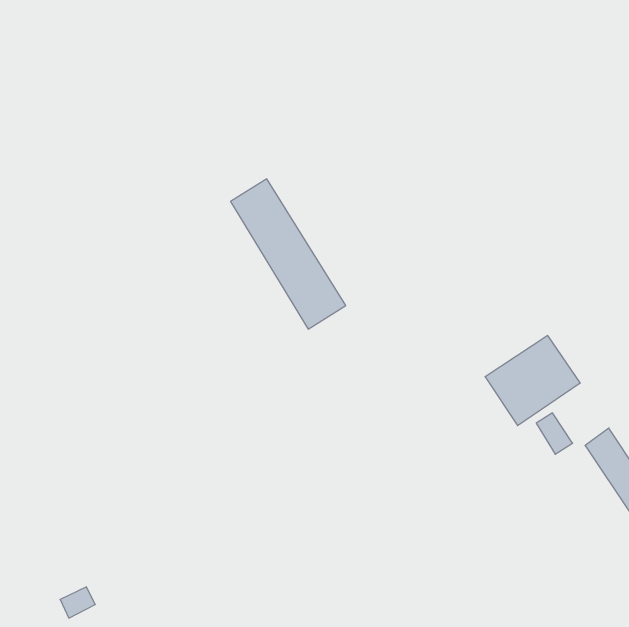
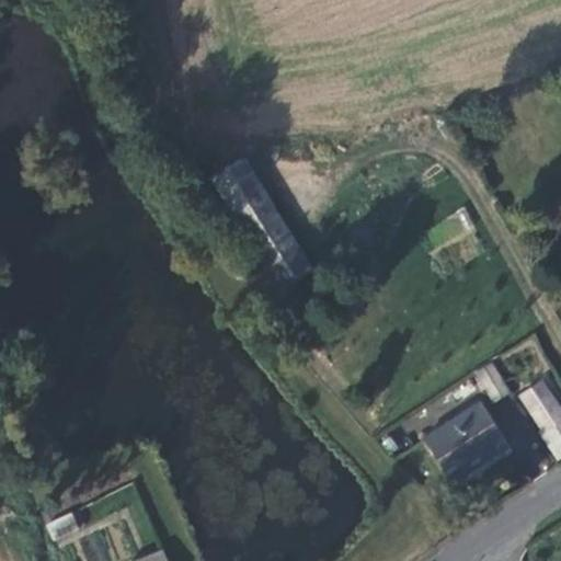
building: [485,335,580,426] -> [423,402,506,481]

